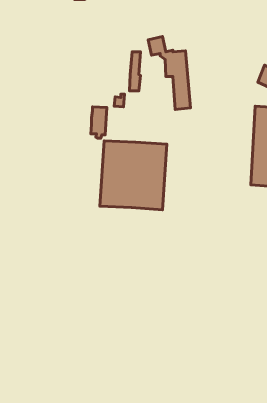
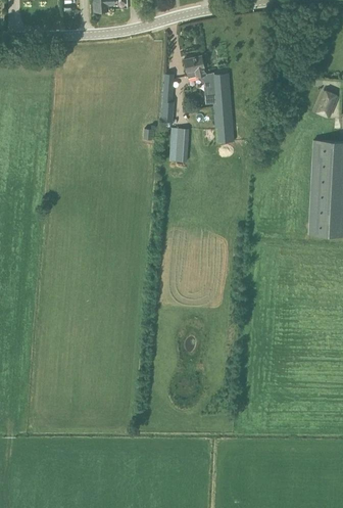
building: [91,107,107,138] -> [169,129,189,167]
building: [100,141,167,210] -> none

